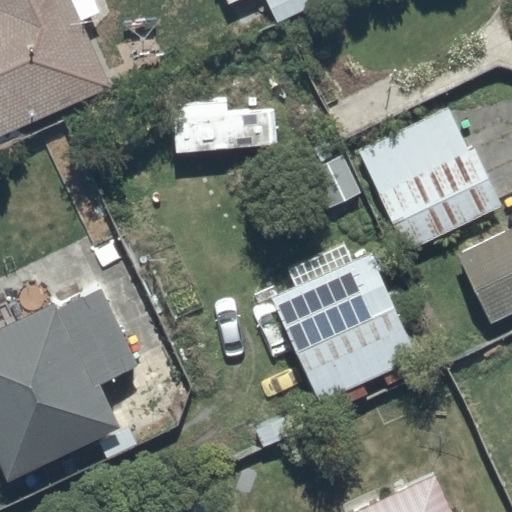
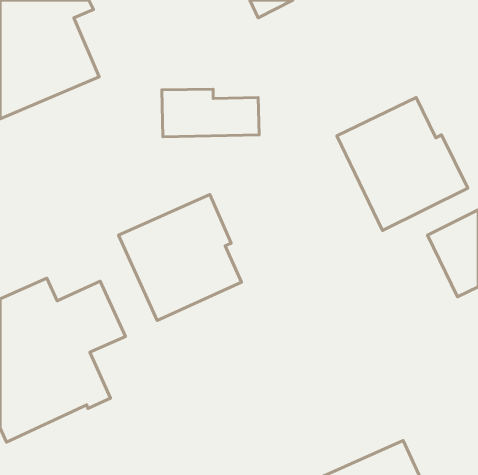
building: none -> [119,195,241,321]
building: [271,251,415,407] -> none

